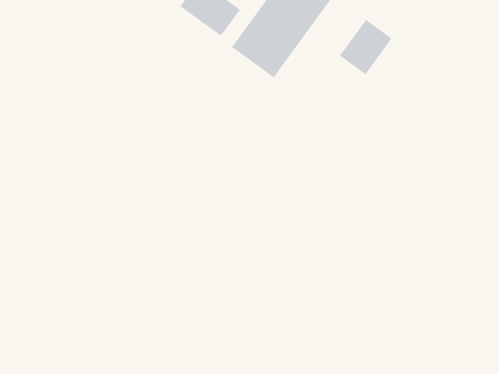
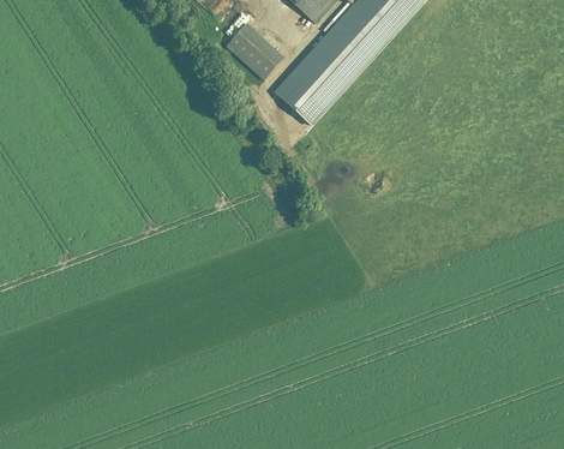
building: [339,19,392,75] -> none

